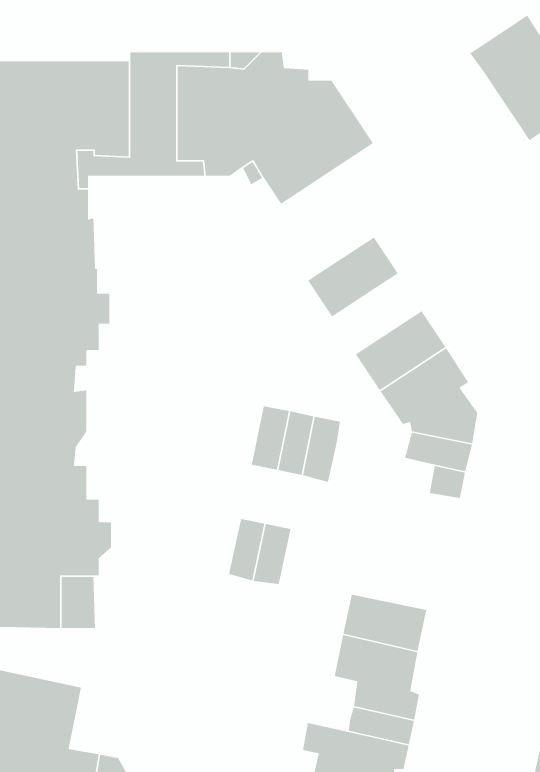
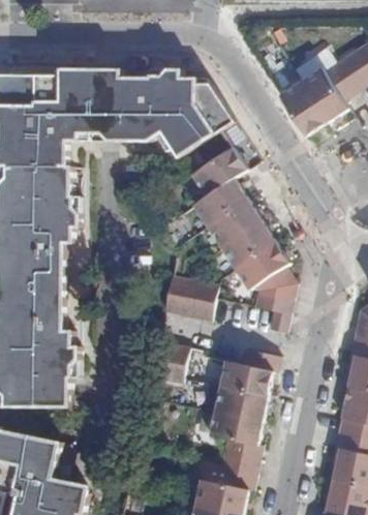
building: none -> [277,82,325,134]
building: none -> [190,148,247,198]
building: none -> [209,200,262,247]
building: none -> [220,351,279,397]

